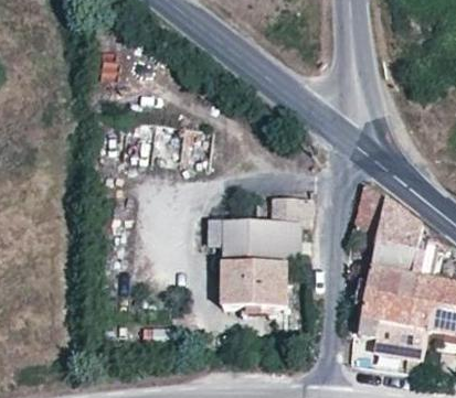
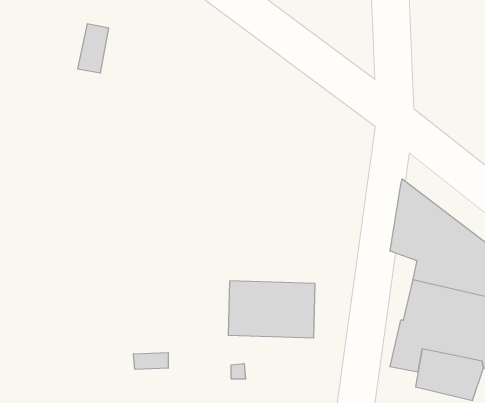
building: [221,195,309,265] -> none

